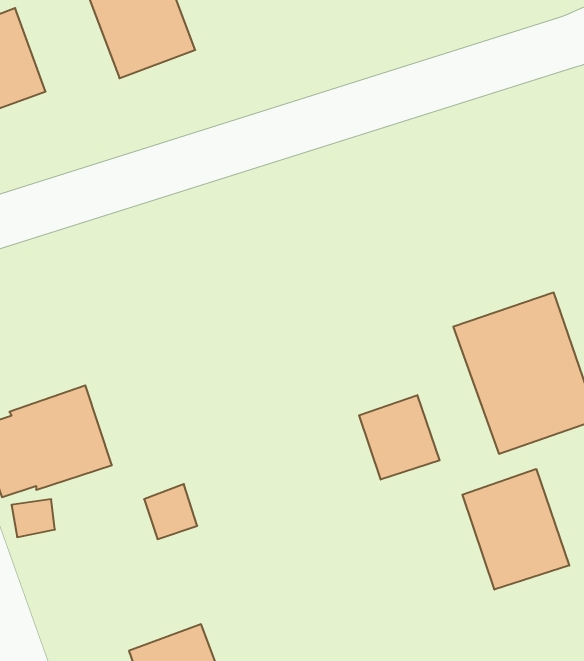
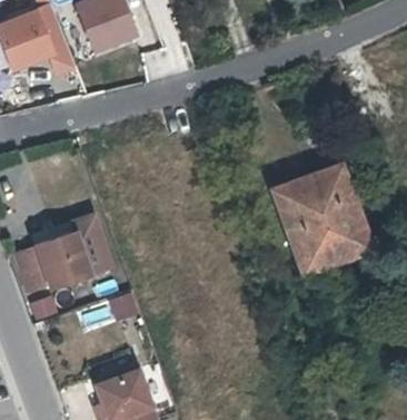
building: none -> [70,213,112,276]
building: [359,395,440,480] -> none
building: [462,469,569,590] -> none

